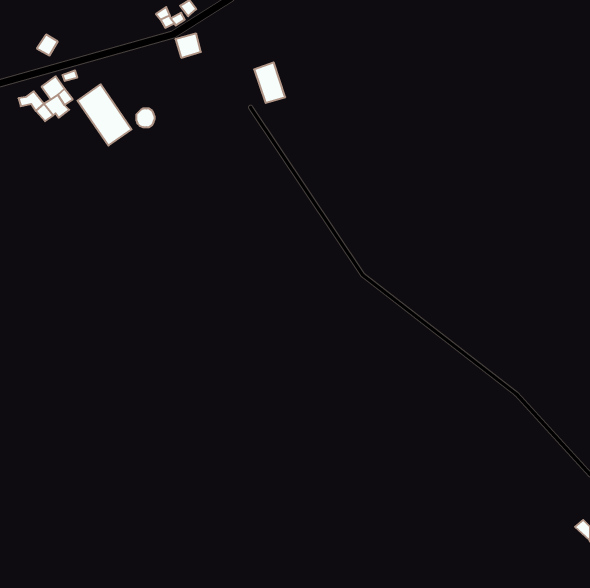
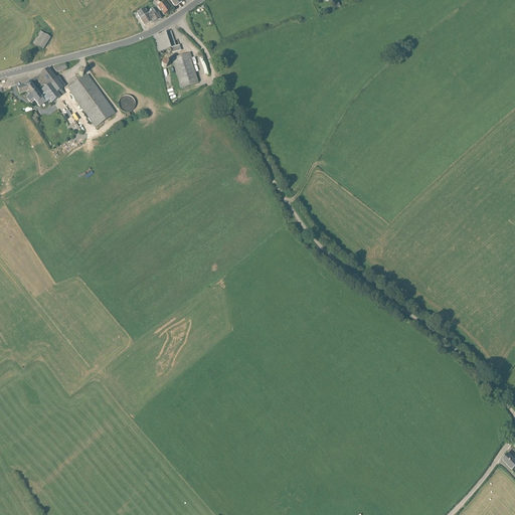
building: [254,62,285,103] -> [172,51,199,87]

